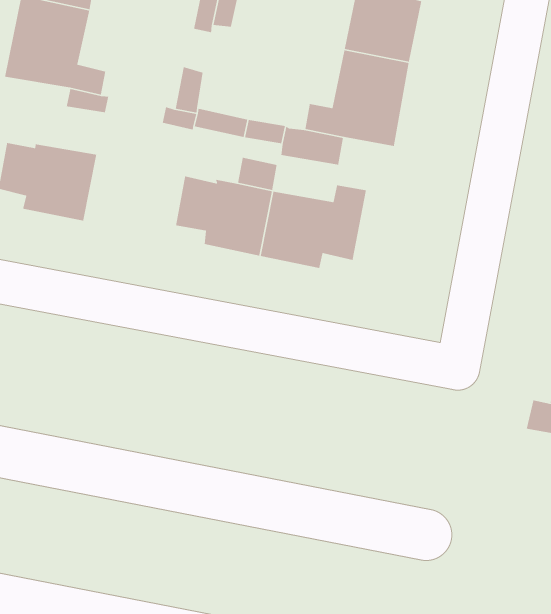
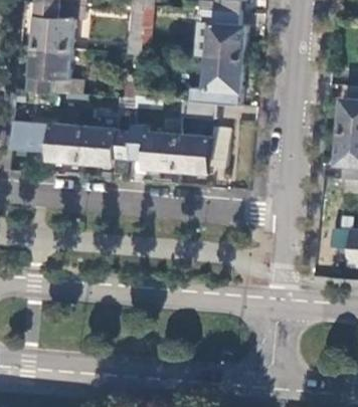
building: none -> [80,126,131,164]

